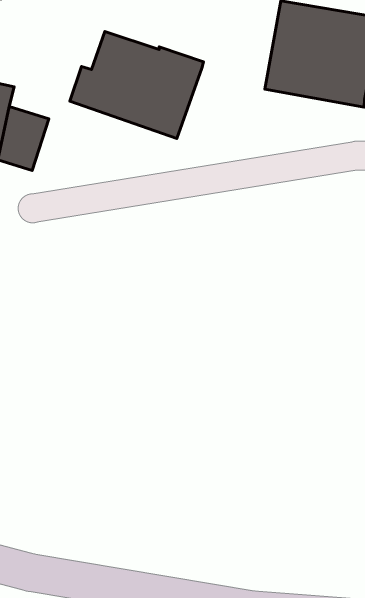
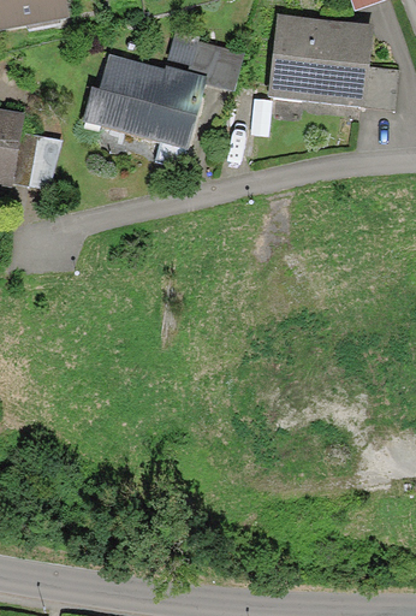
building: none -> [164,25,244,91]

